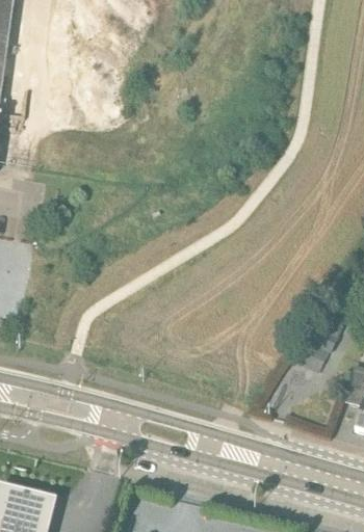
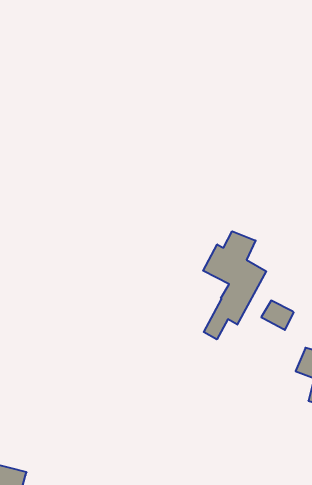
building: none -> [203,231,266,339]

